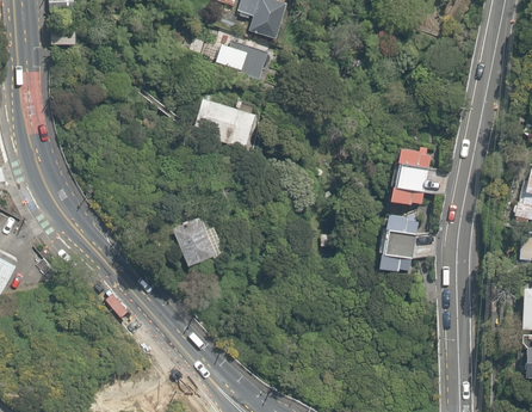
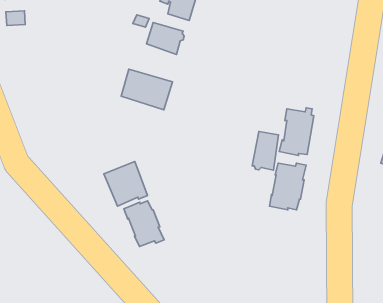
building: none -> [252,131,279,170]
building: none -> [124,201,164,246]

